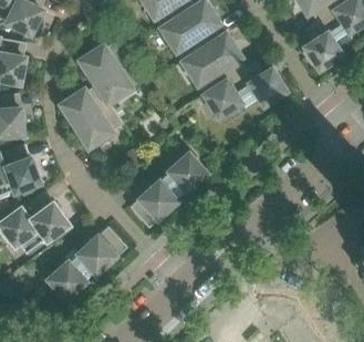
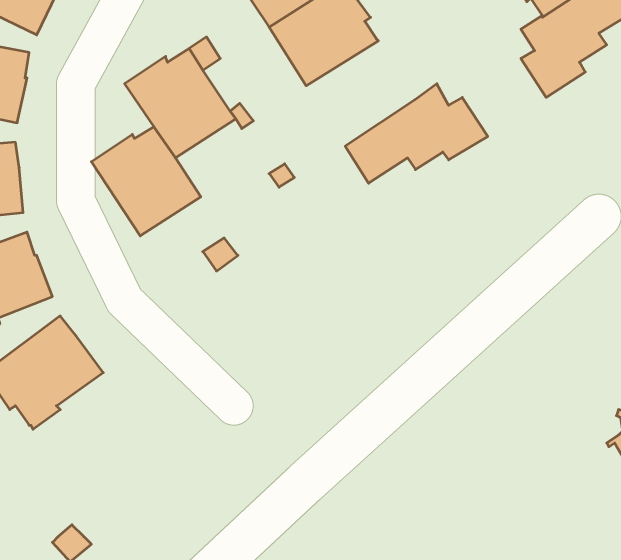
building: [183,34,245,96] -> none
building: [129,154,206,229] -> none
building: [49,227,127,300] -> none

